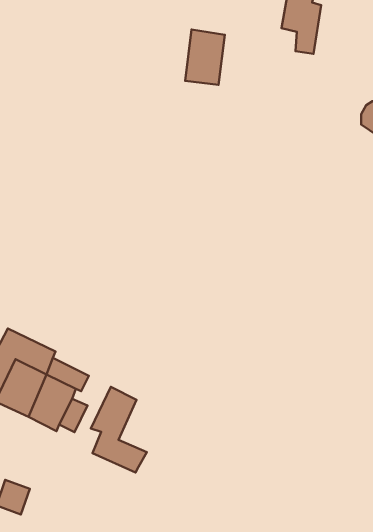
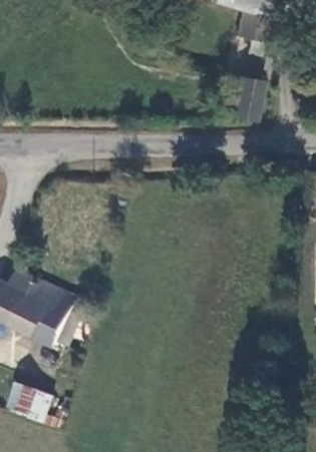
building: [185,30,225,85] -> [232,73,263,116]
building: [91,387,147,472] -> none

